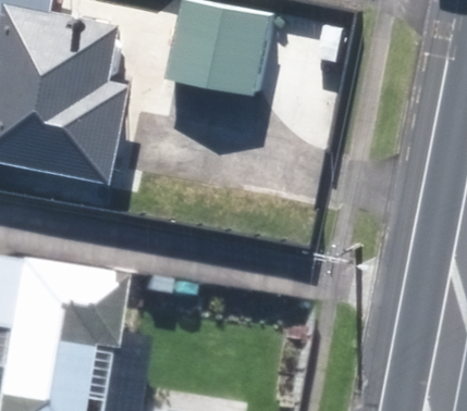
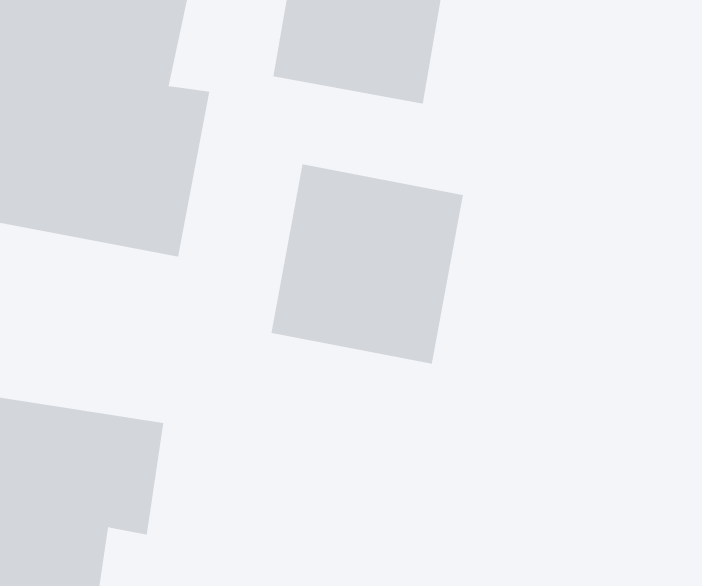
building: none -> [271,163,463,365]

